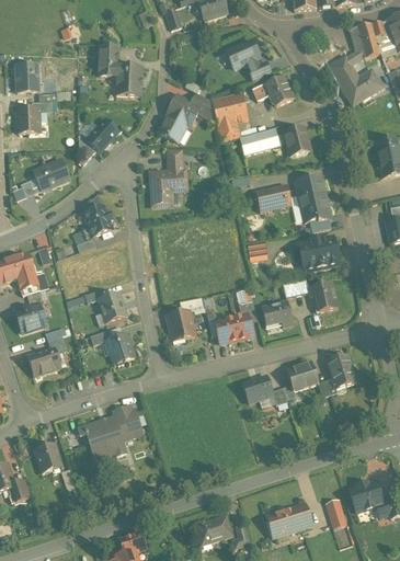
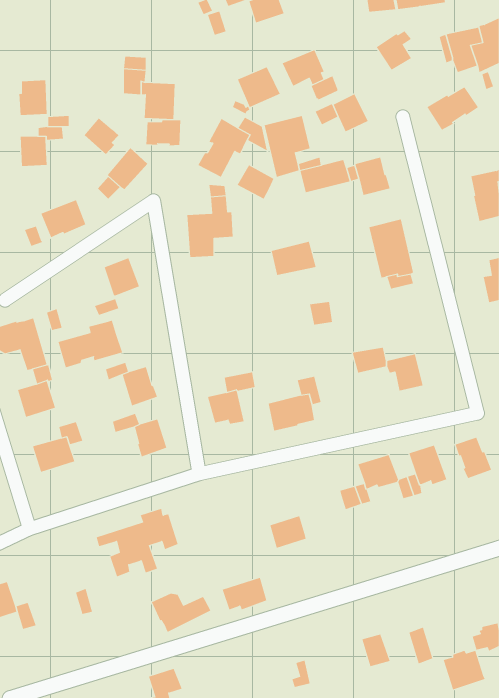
building: none -> [237,67,280,108]
building: [328,54,356,85] -> [376,31,412,71]
building: none -> [84,117,119,155]
building: none -> [146,120,181,146]
building: none -> [237,165,274,200]
building: [254,183,290,210] -> [271,241,316,276]
building: [298,236,339,270] -> none
building: none -> [58,320,123,368]
building: [261,300,292,327] -> none
building: none -> [455,437,492,479]
building: [242,376,272,402] -> [269,516,307,549]
building: [34,443,61,472] -> none
building: none -> [151,593,211,633]
building: [348,481,382,513] -> [443,650,486,690]
building: [266,508,295,538] -> none
building: [195,516,231,542] -> [222,577,267,610]

